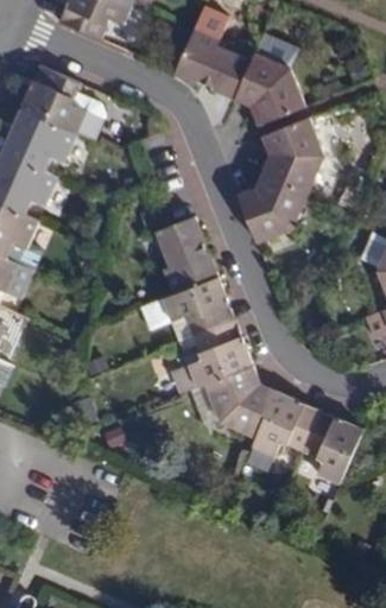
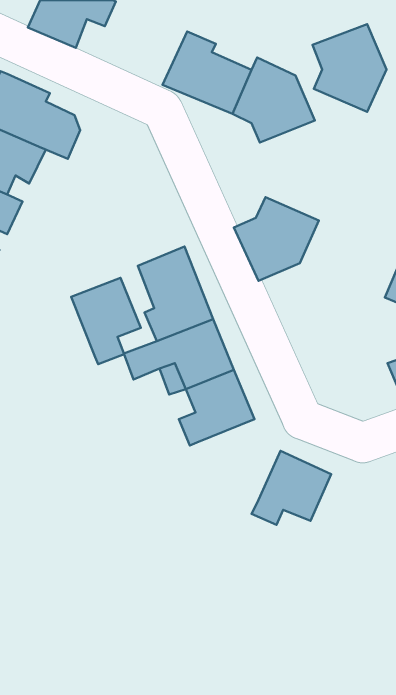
building: [261,116,325,192] -> [312,24,387,112]
building: none -> [71,278,141,364]
building: [203,365,276,437] -> none
building: [302,412,362,484] -> none

